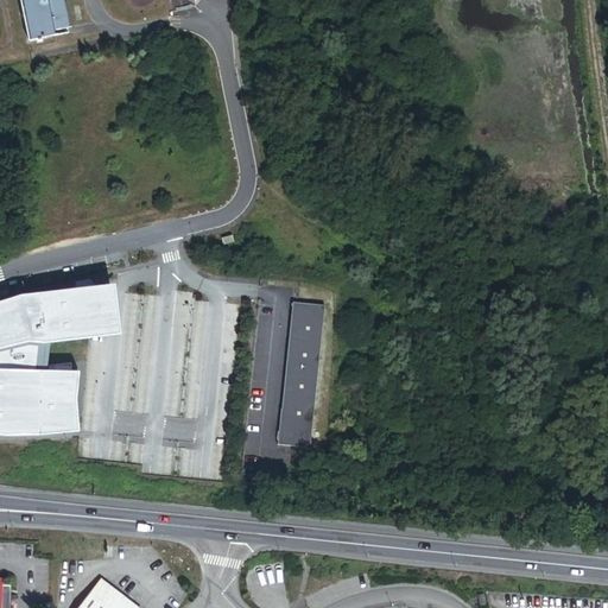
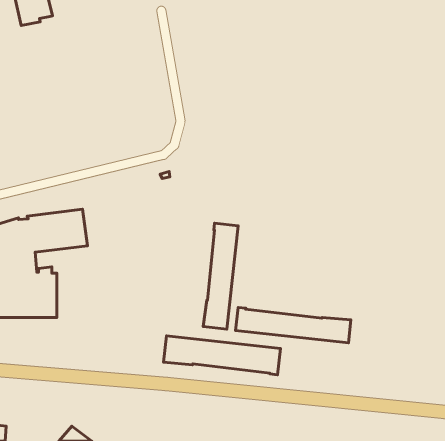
building: none -> [236,308,351,343]
building: none -> [163,336,280,375]

